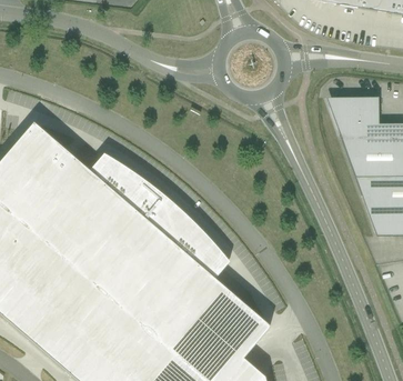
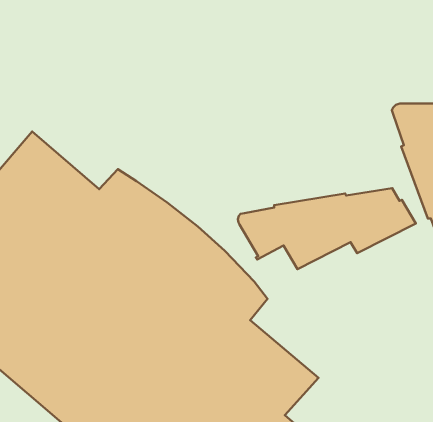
building: none -> [238,188,416,269]

